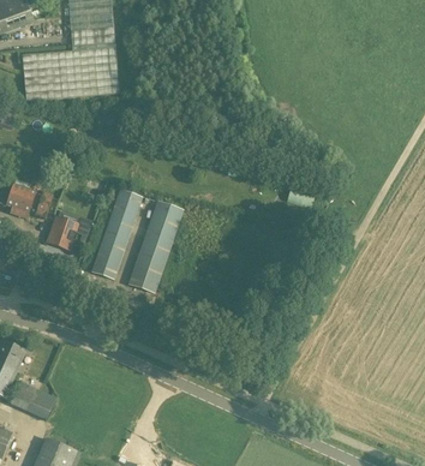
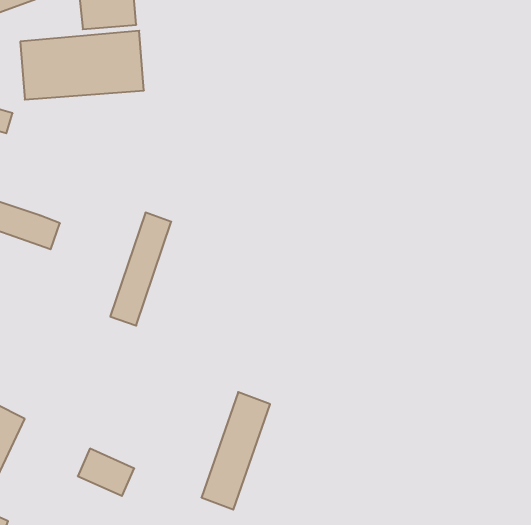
building: [128,199,182,292] -> [201,392,270,510]
building: [46,215,92,250] -> none
building: [11,381,55,418] -> [78,449,134,496]

